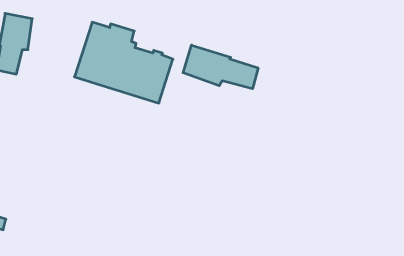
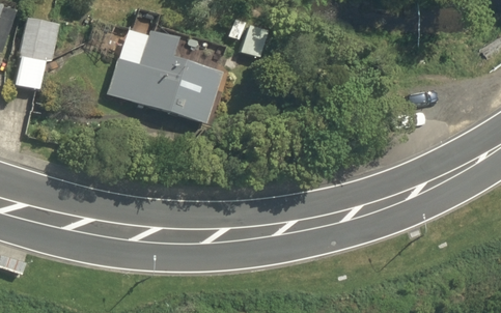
building: [183,45,258,89] -> none

